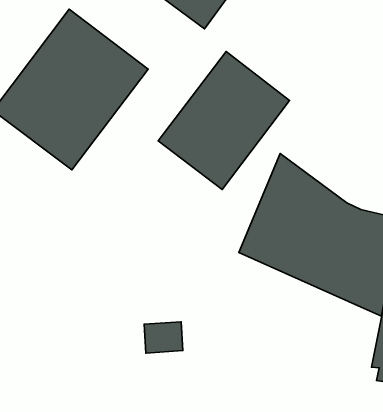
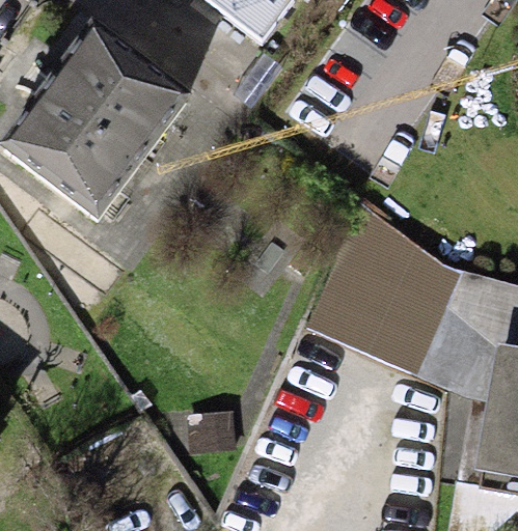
building: [158,52,290,190] -> none

